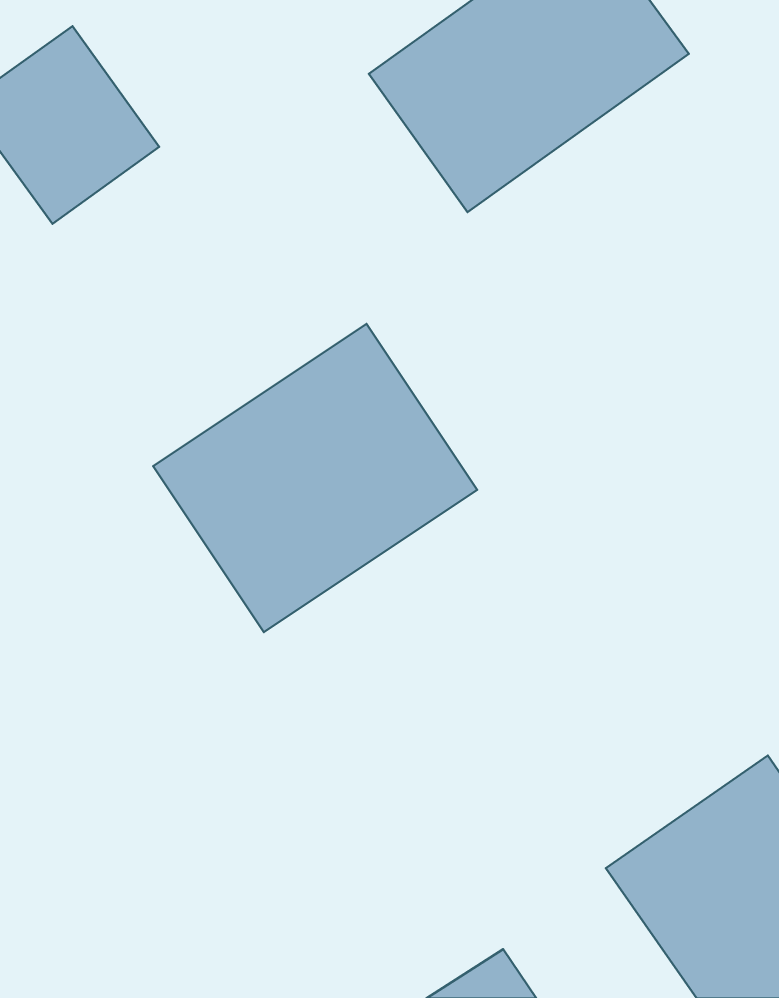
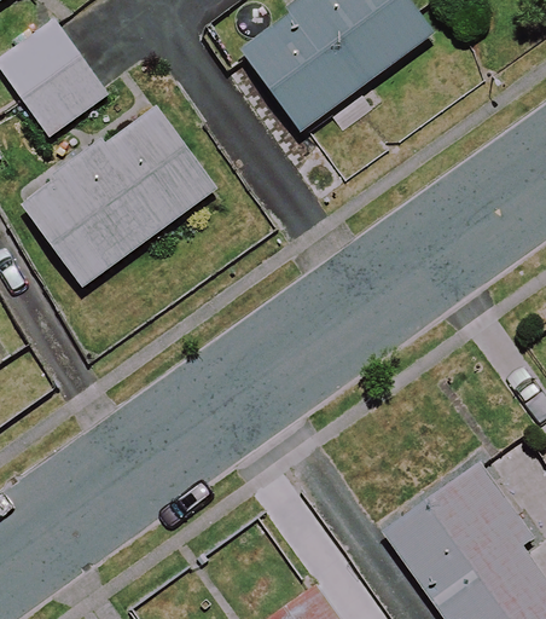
building: [153,324,477,632] -> [18,100,216,289]

